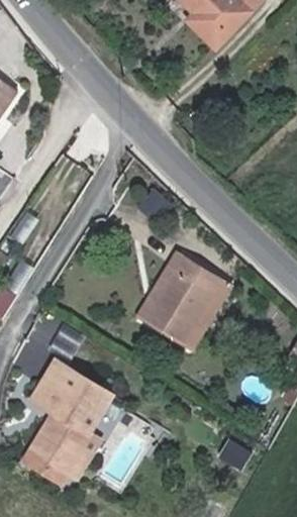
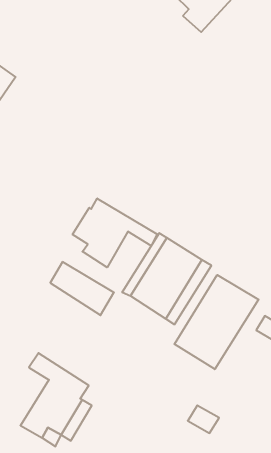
building: none -> [73,198,157,267]
building: none -> [174,275,259,369]
building: [43,359,111,416] -> [50,262,114,315]

